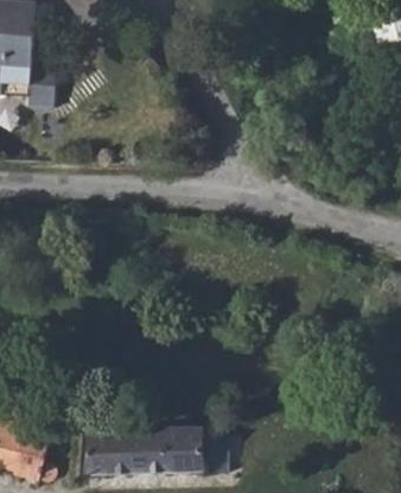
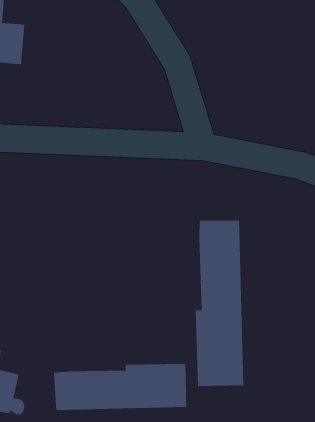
building: none -> [195,220,244,387]

